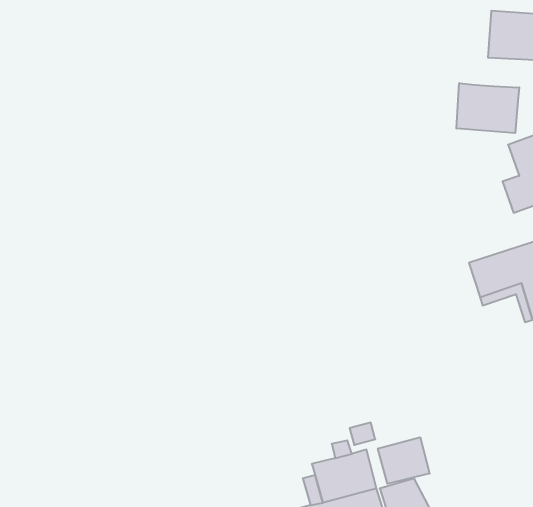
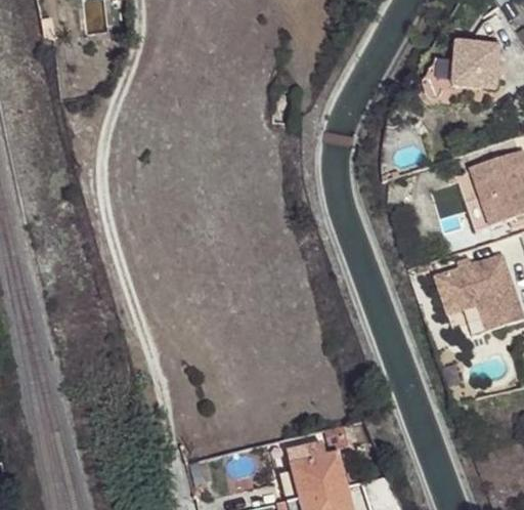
building: [456,83,519,133] -> none
building: [378,437,430,484] -> none

